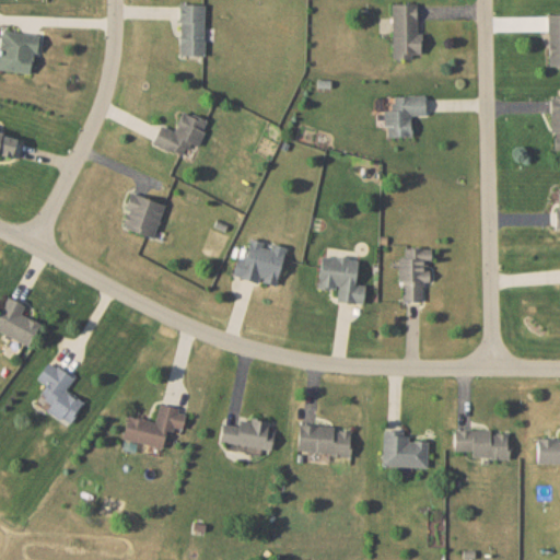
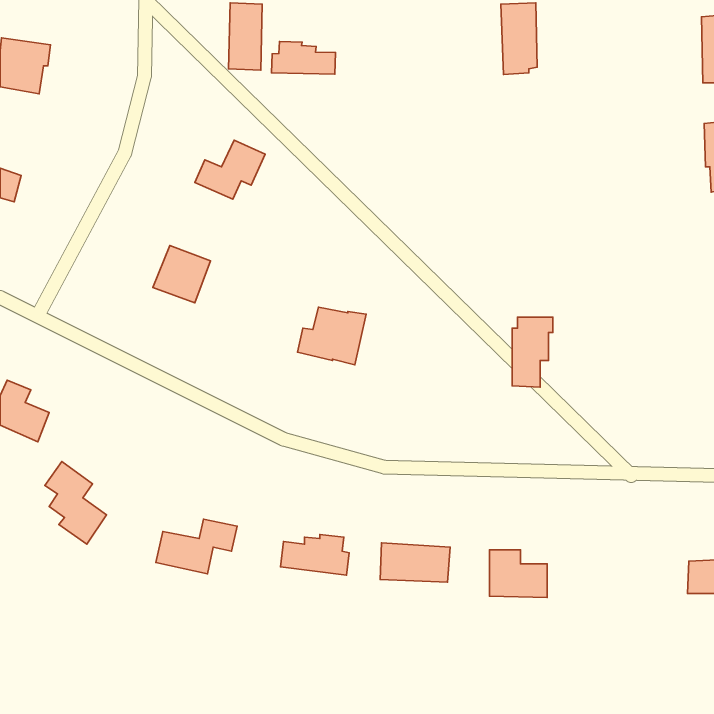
building: none -> [272,41,335,74]
building: [386,96,427,139] -> none
building: [319,257,366,305] -> none
building: [455,431,510,460] -> none

